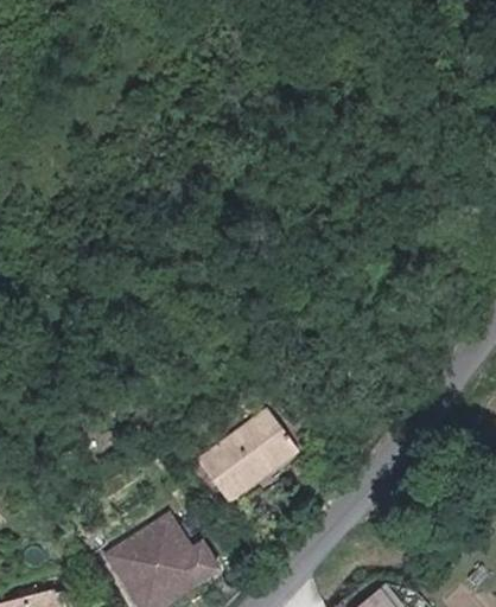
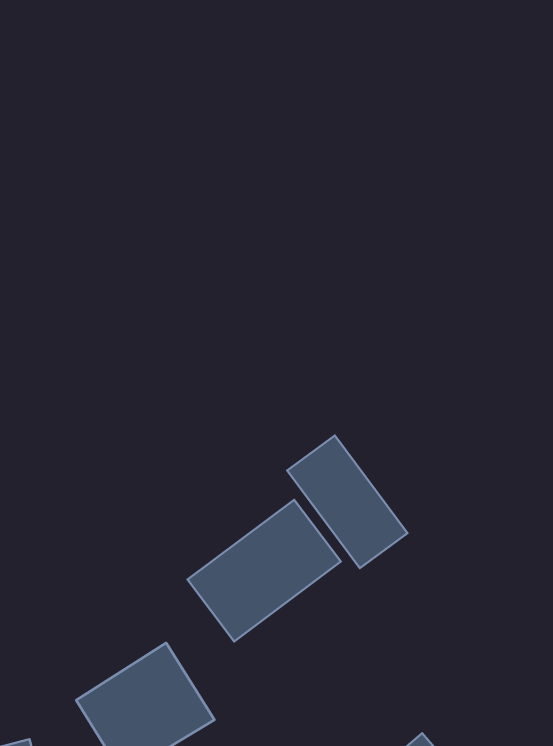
building: none -> [287,435,408,568]

